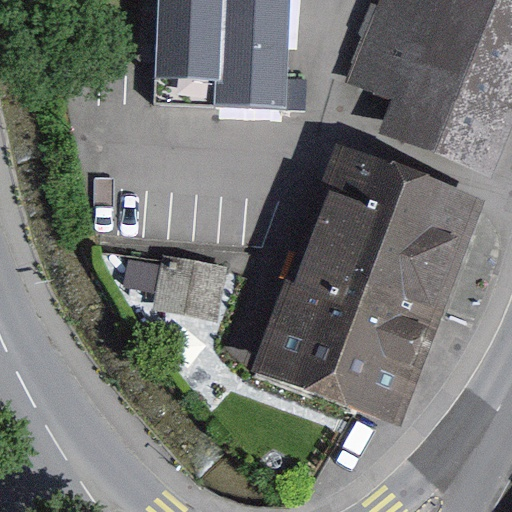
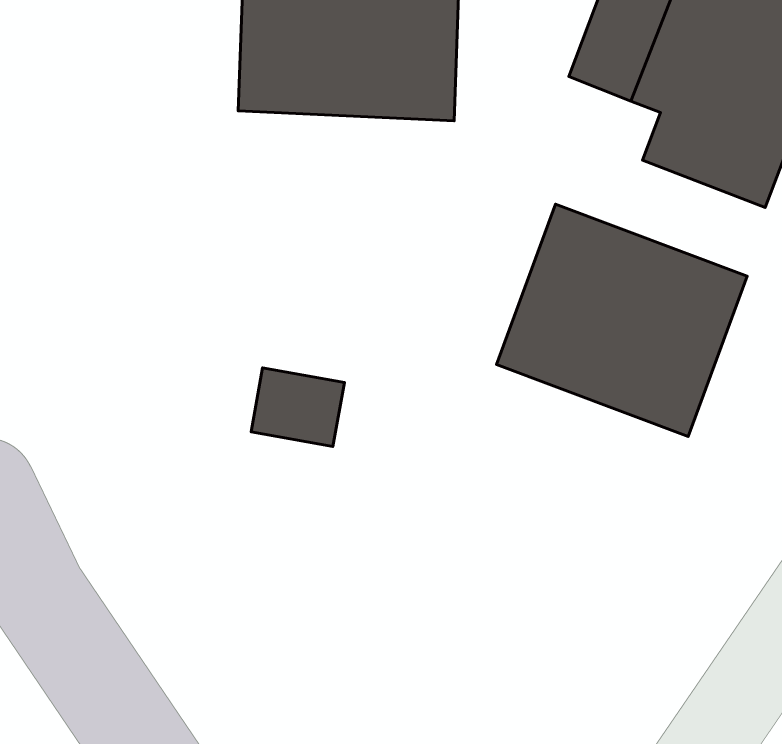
building: [254,254,429,405] -> none

